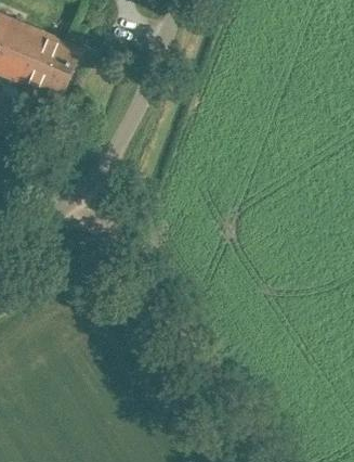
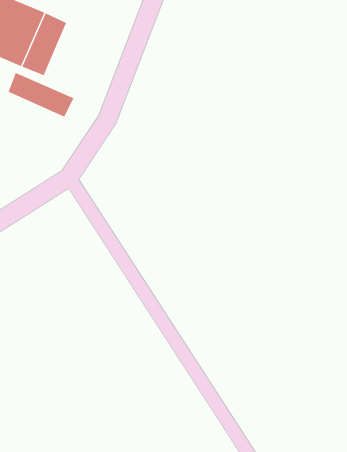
building: none -> [8,72,74,118]

